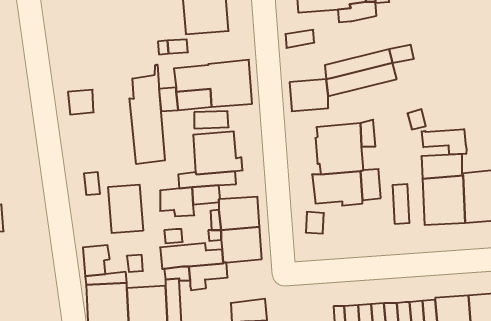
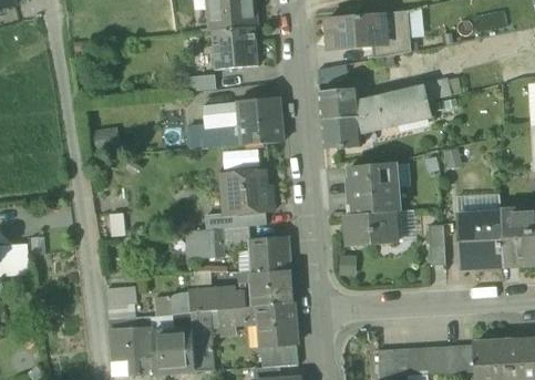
building: none -> [319,86,359,119]
building: [129,65,165,164] -> none
building: [422,129,467,154] -> none
building: [108,185,143,233] -> none
building: none -> [256,301,296,347]

